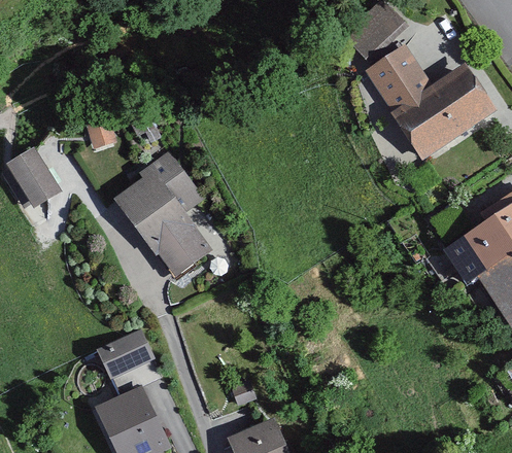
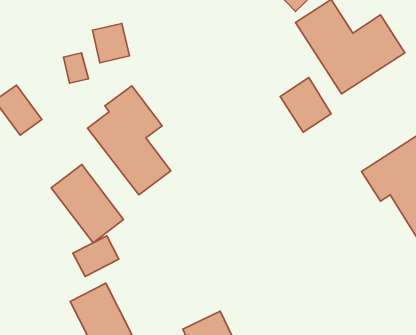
building: none -> [92,23,129,63]
building: none -> [280,77,331,132]
building: none -> [51,165,124,243]

